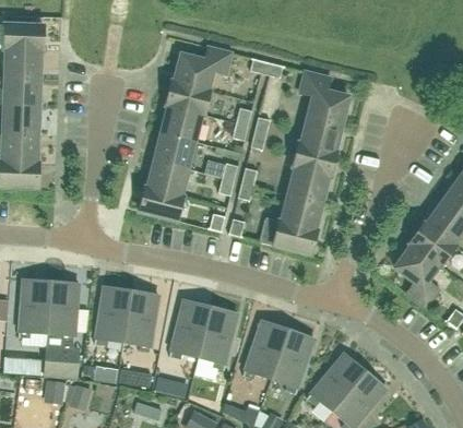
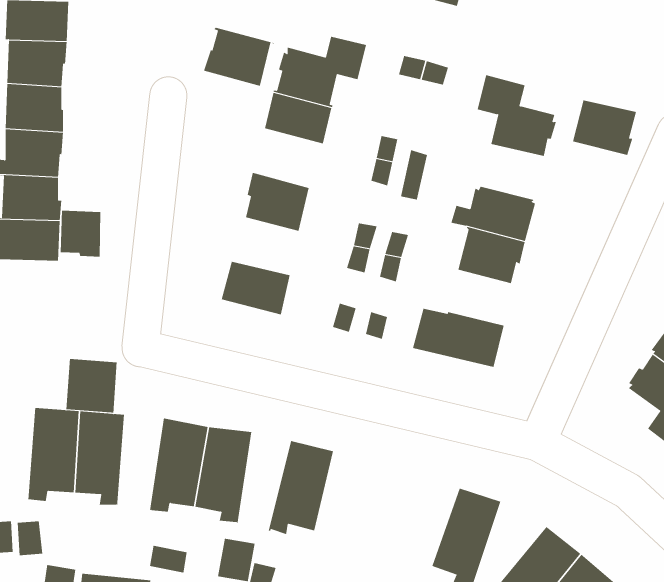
building: [158,105,203,142] -> [203,27,275,87]
building: [301,115,342,150] -> [572,100,637,155]
building: none -> [60,210,101,258]
building: [145,160,188,197] -> none
building: [281,193,321,228] -> none
building: none -> [66,358,117,414]
building: [198,307,237,370] -> none
building: [242,321,288,379] -> none
building: [44,346,80,380] -> none

